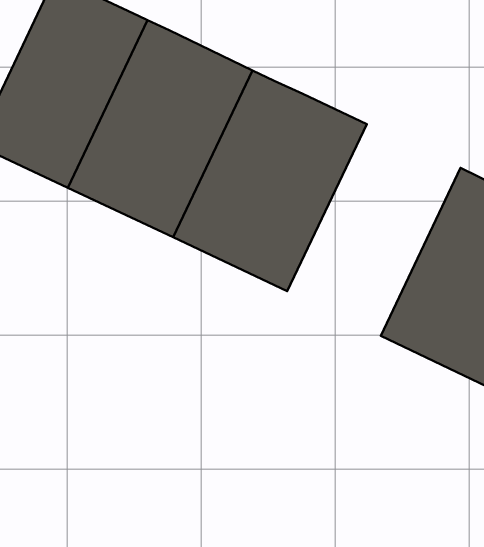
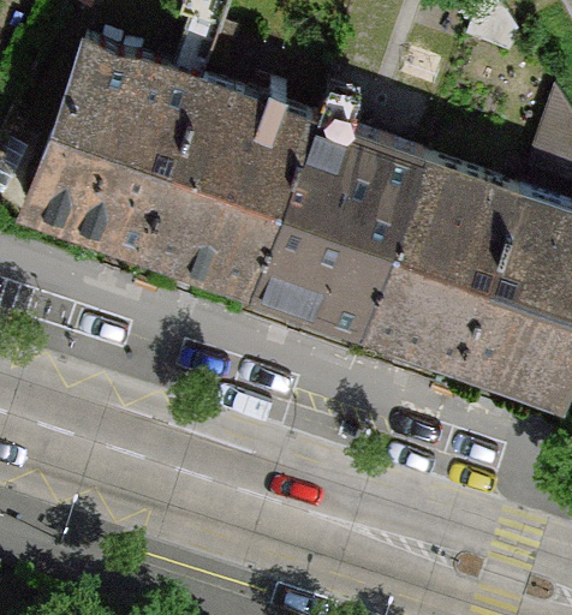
building: none -> [348,155,513,368]

